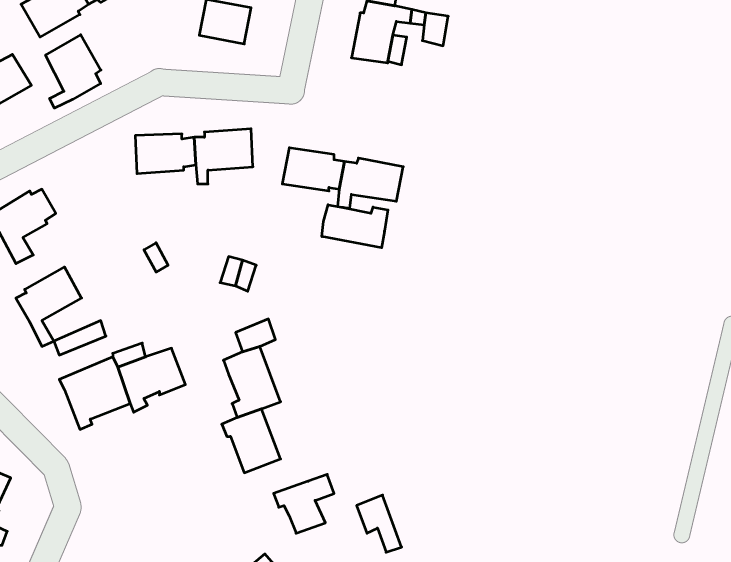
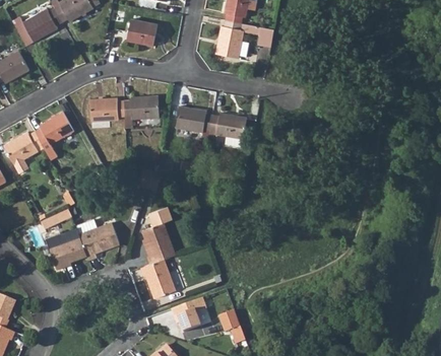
building: [46,35,101,108] -> none
building: [322,205,388,248] -> none
building: [16,267,82,346] -> [35,113,73,159]

